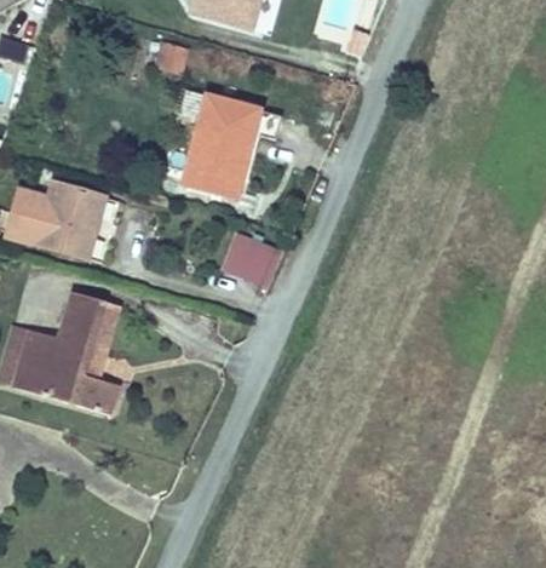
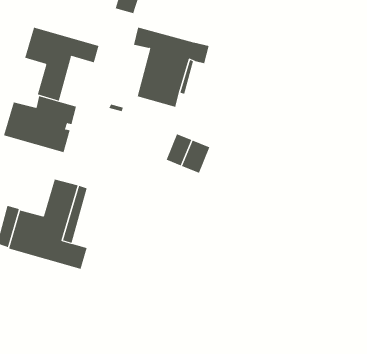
building: none -> [25,27,99,101]

